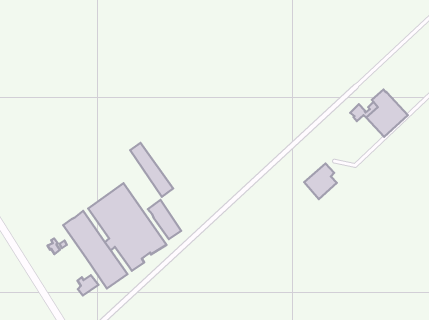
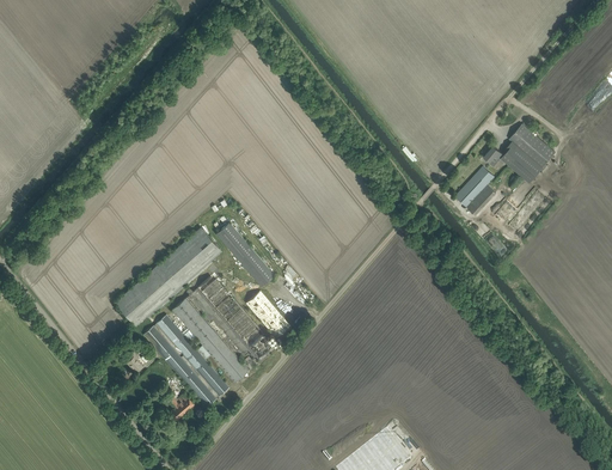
building: none -> [114,225,221,324]
building: [304,163,337,199] -> [454,167,495,213]

